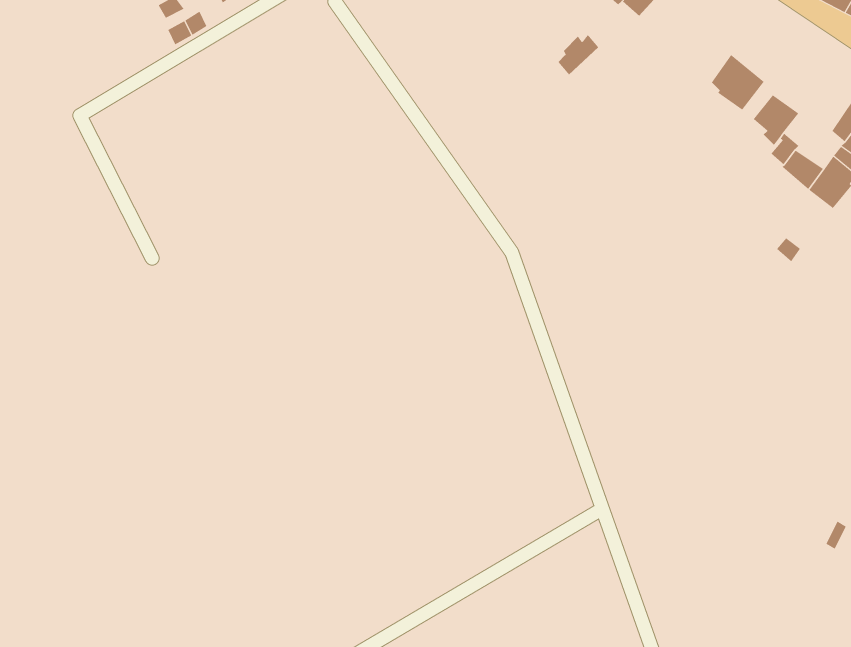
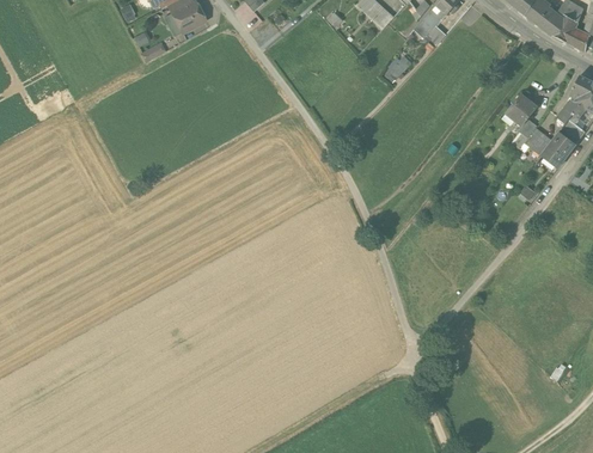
building: [711,54,764,110] -> none

